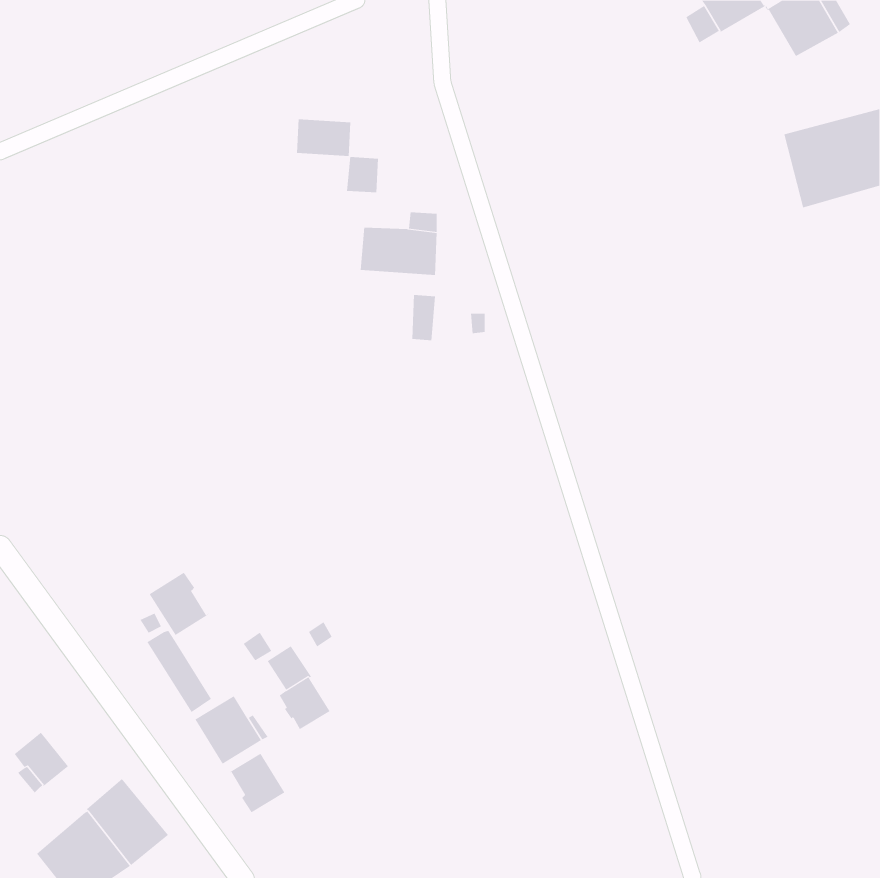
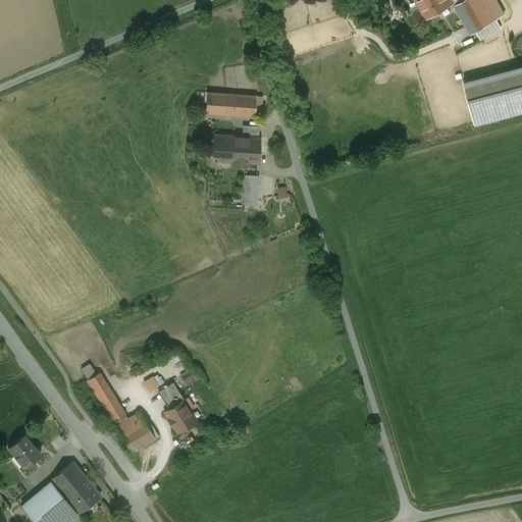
building: [296,119,351,157] -> [223,95,256,117]
building: [149,572,211,636] -> none
building: [226,753,285,813] -> none

